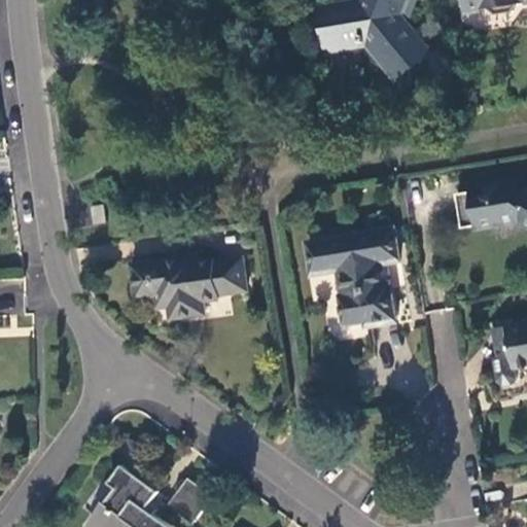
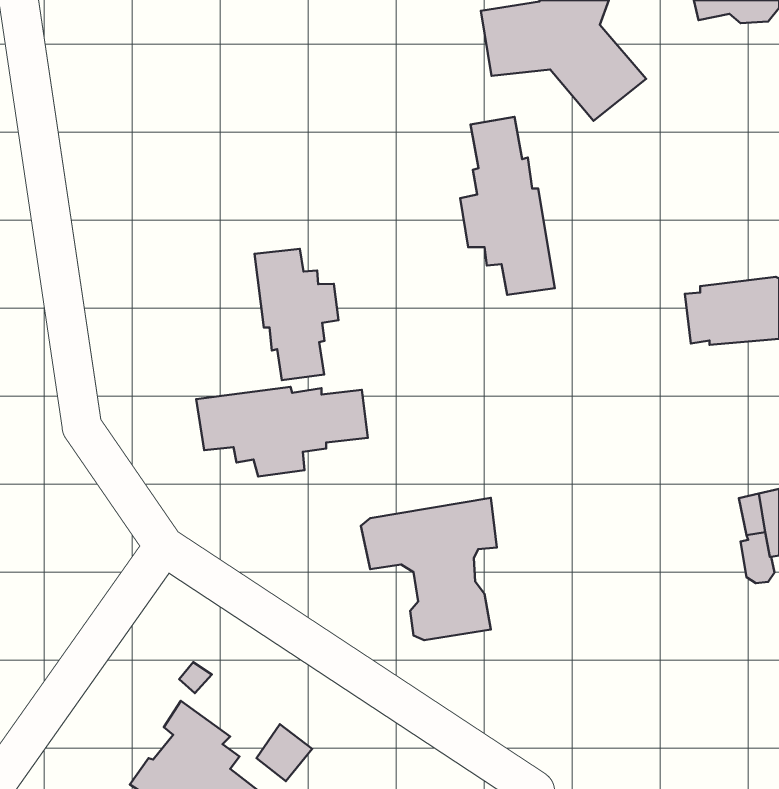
building: none -> [460,117,555,295]
building: none -> [254,249,338,380]
building: [307,229,397,323] -> [361,498,497,640]

